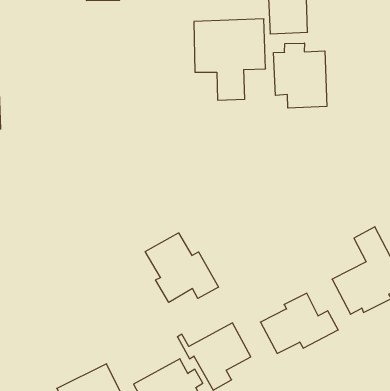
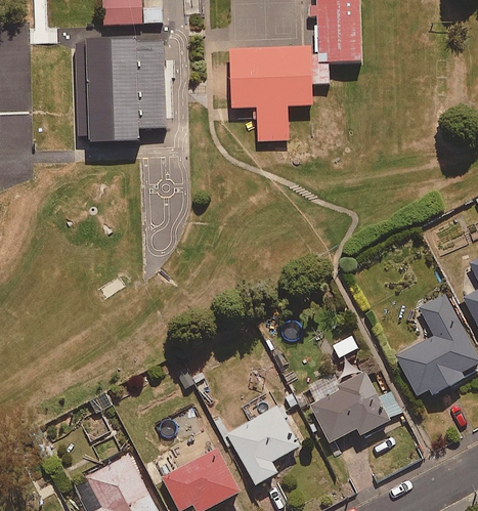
building: none -> [76,43,168,146]
building: [274,43,327,108] -> none
building: [145,233,218,302] -> none

